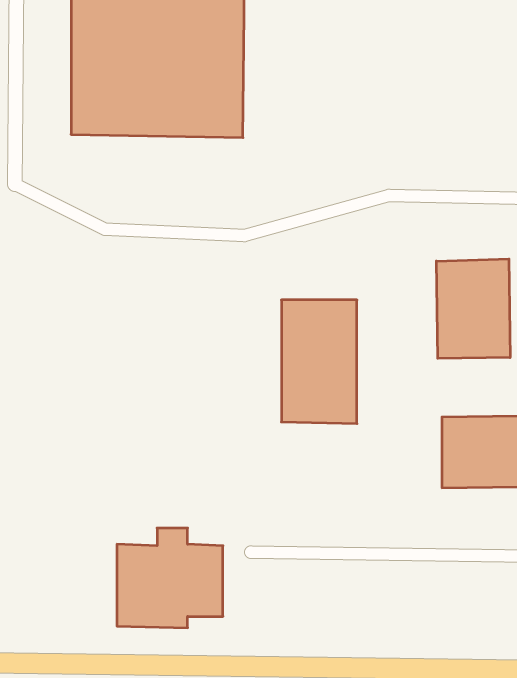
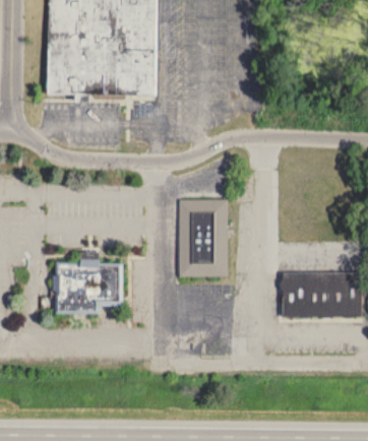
building: [436,259,510,358] -> none
building: [117,528,223,628] -> [55,252,122,315]

